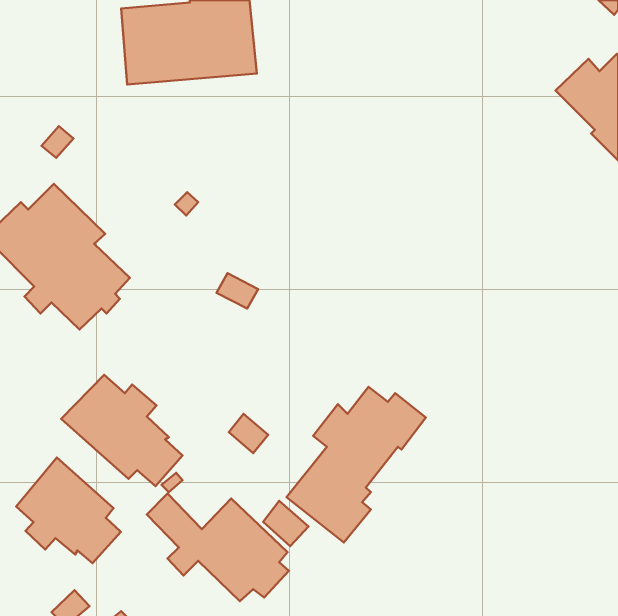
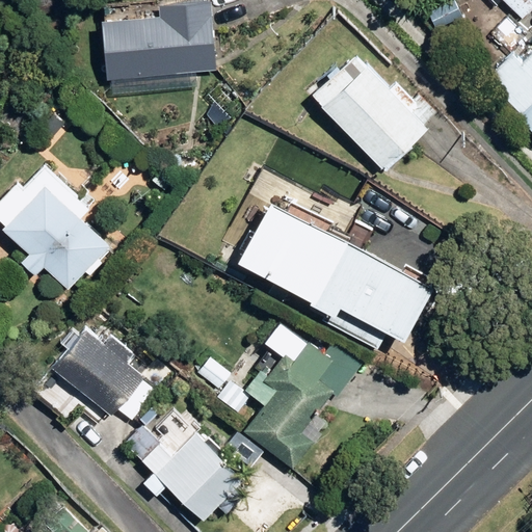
building: none -> [312,48,431,167]
building: none -> [229,205,424,353]
building: [16,457,121,563] -> none

